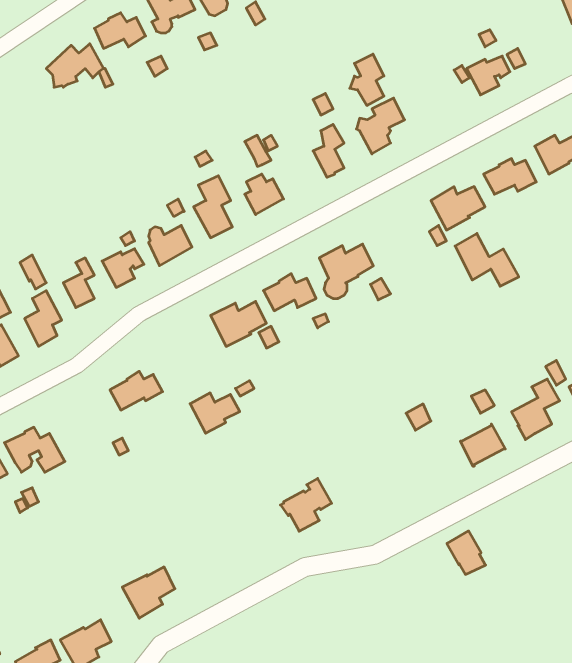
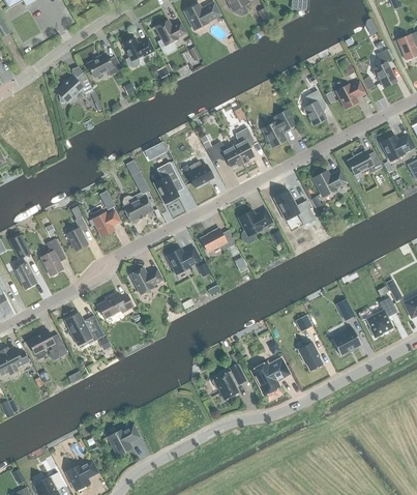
building: none -> [373,49,395,86]
building: [350,54,384,105] -> [302,90,325,124]
building: none -> [211,141,242,168]
building: [455,233,519,286] -> [273,190,316,225]
building: [190,393,240,433] -> [129,267,162,294]
building: none -> [65,313,105,349]
building: none -> [248,356,291,396]
building: [447,531,486,574] -> [297,342,323,371]

